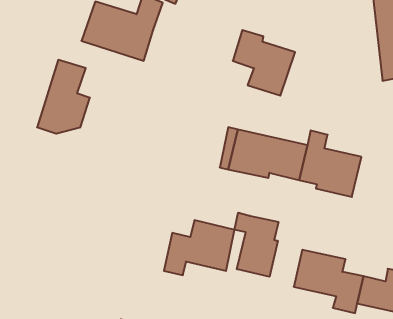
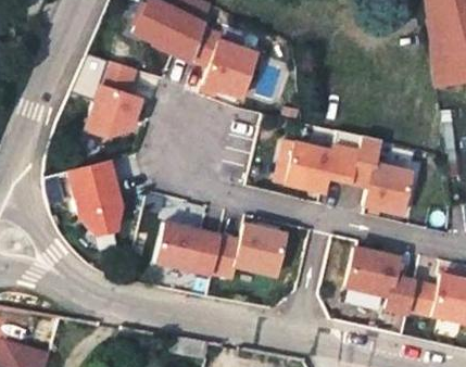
building: [233,30,295,96] -> [193,31,257,99]
building: none -> [67,164,122,238]
building: [235,213,278,277] -> none
building: none -> [158,227,223,279]

